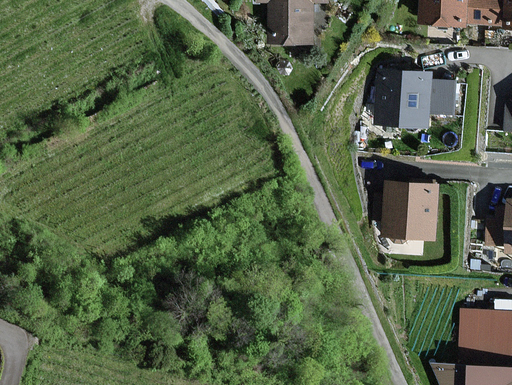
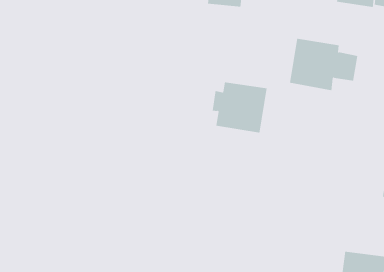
building: [376,183,438,238] -> [212,82,267,133]

